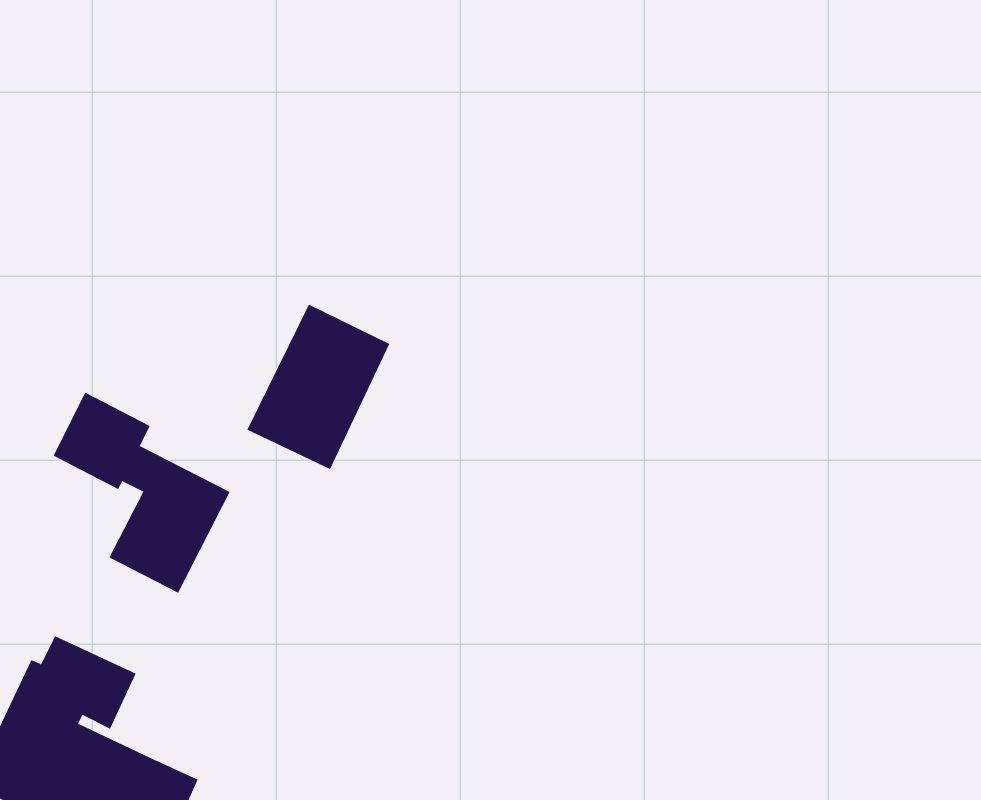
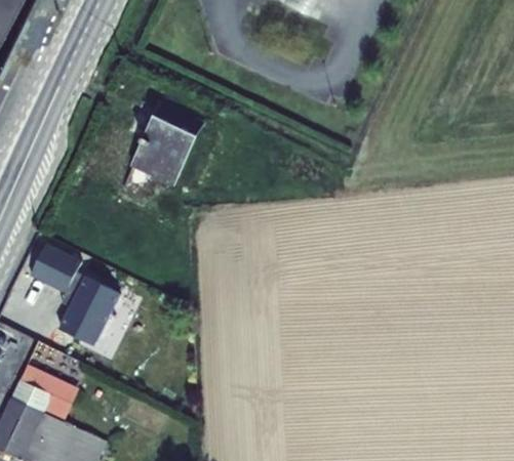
building: [247,304,390,470] -> [129,101,203,186]

